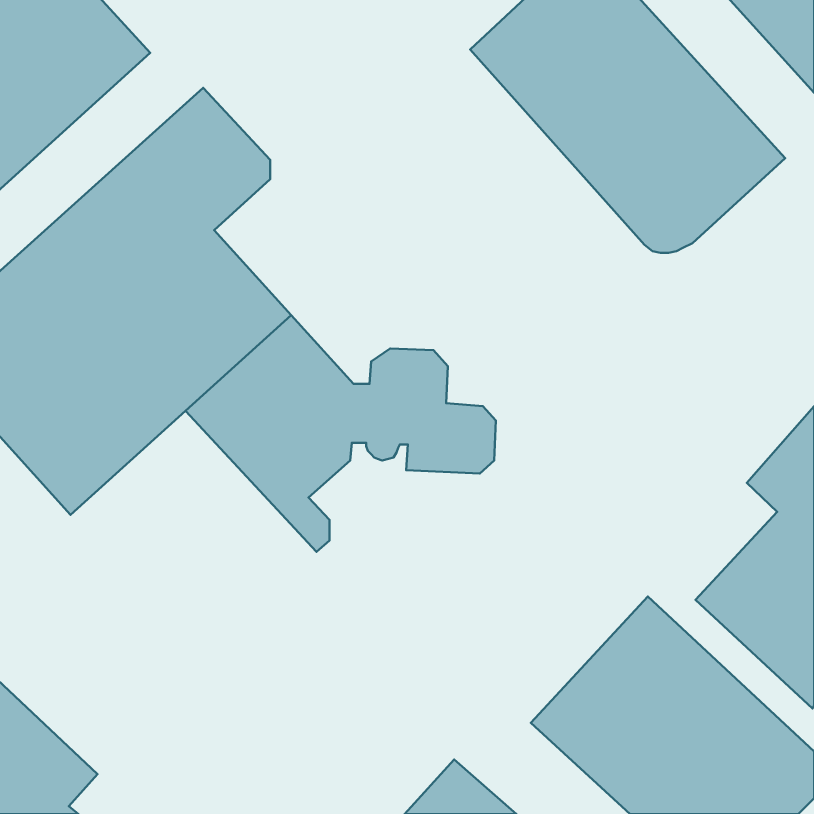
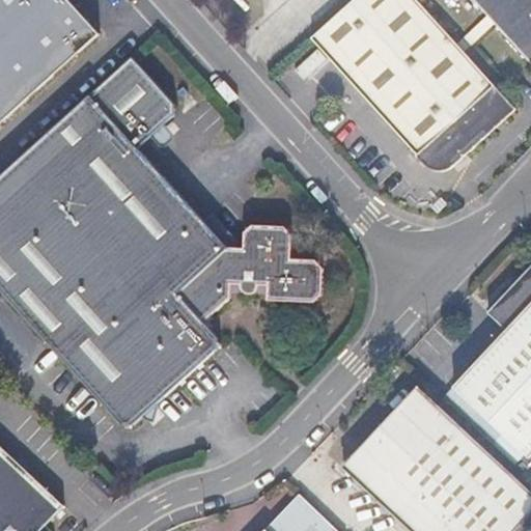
building: none -> [46,267,205,426]

